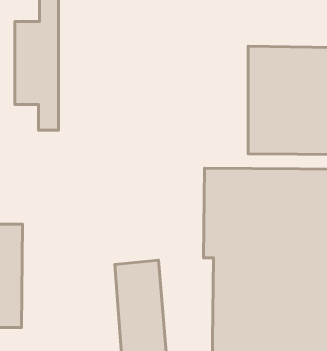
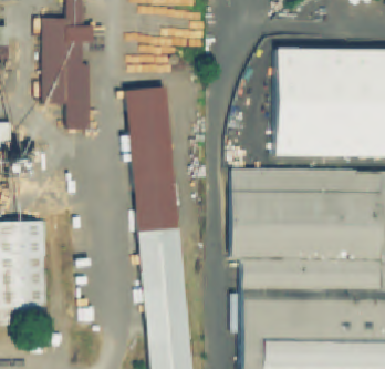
building: none -> [123,89,186,257]

